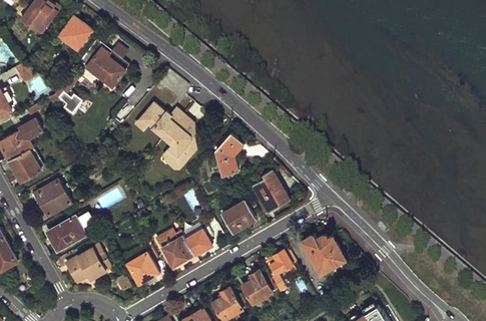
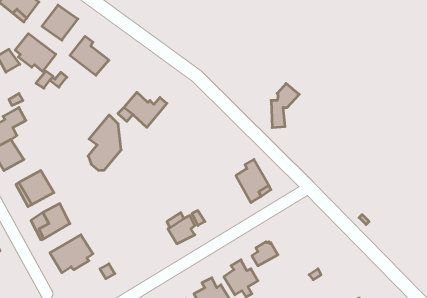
building: none -> [15,34,56,71]
building: [162,113,195,169] -> [88,115,121,170]
building: [215,133,244,178] -> [271,83,299,128]
building: [220,200,255,233] -> none
building: [159,228,193,265] -> none
building: [302,236,346,276] -> none
building: [128,252,159,280] -> none

